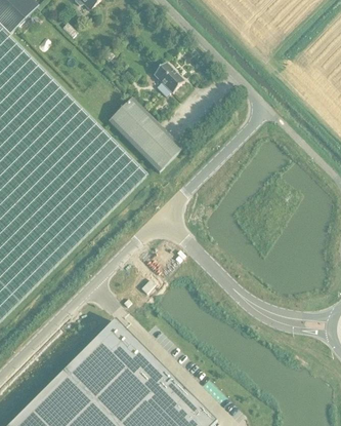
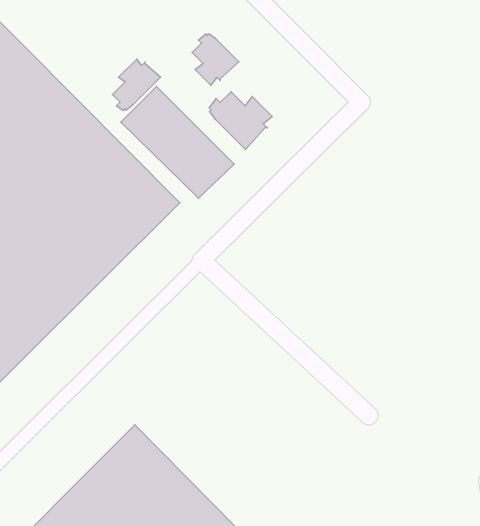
building: none -> [113,59,160,111]
building: none -> [209,92,272,149]

